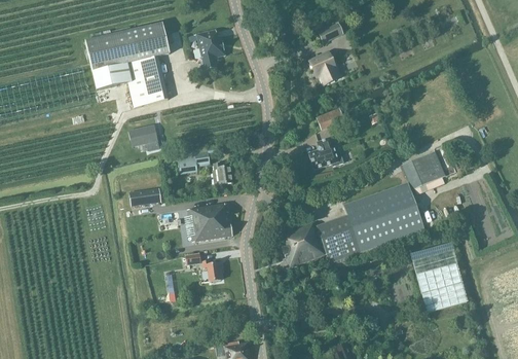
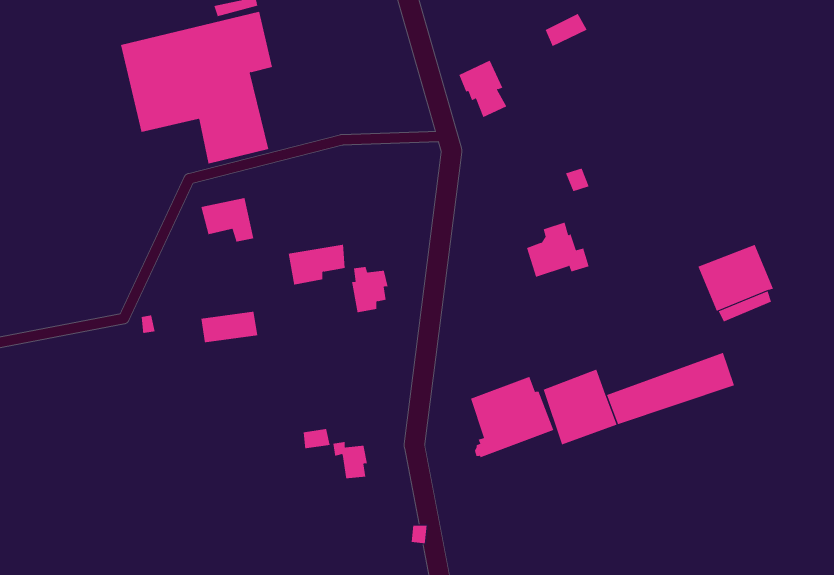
building: [193,29,224,70] -> none
building: [309,51,336,83] -> [459,60,507,118]
building: [342,181,417,234] -> none
building: [187,203,232,241] -> none
building: [412,244,469,313] -> none

